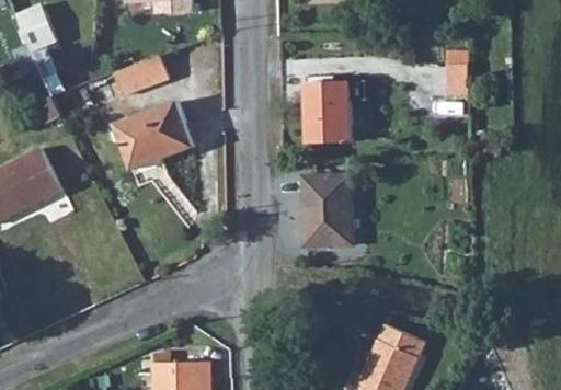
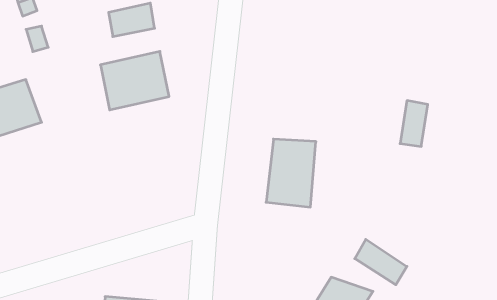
building: [446,48,469,93] -> [400,101,428,146]
building: [300,84,346,146] -> none
building: none -> [355,239,407,285]

